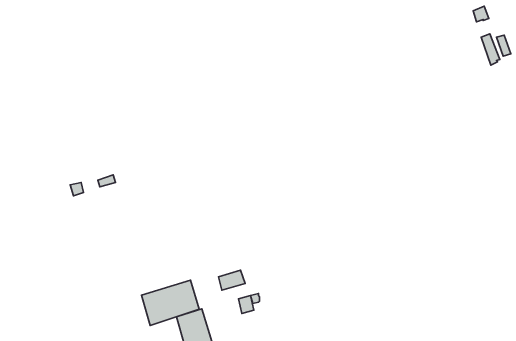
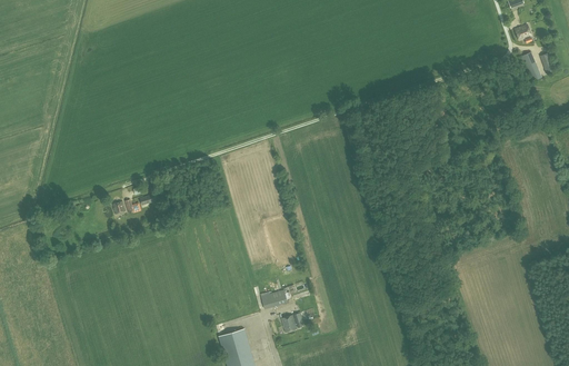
building: [141,280,199,325] -> none

